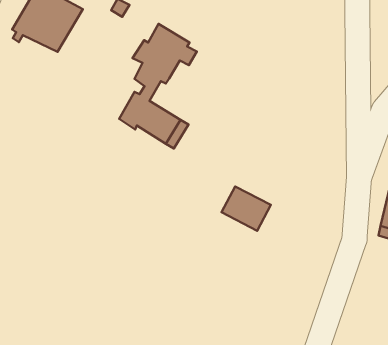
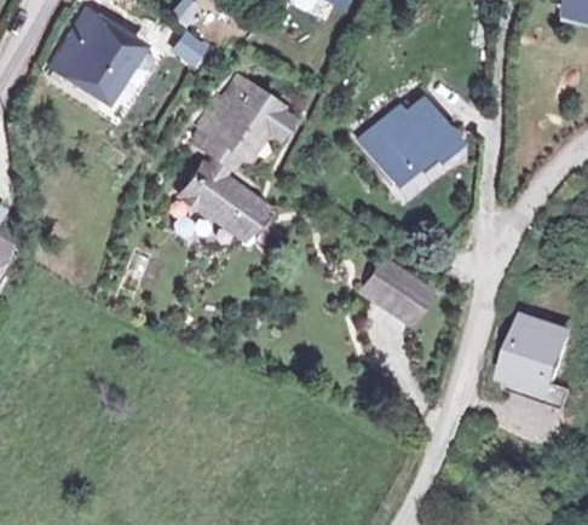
building: none -> [362,91,451,175]
building: [222,187,271,231] -> [362,256,426,316]

